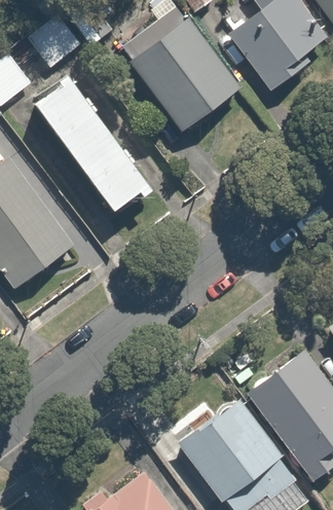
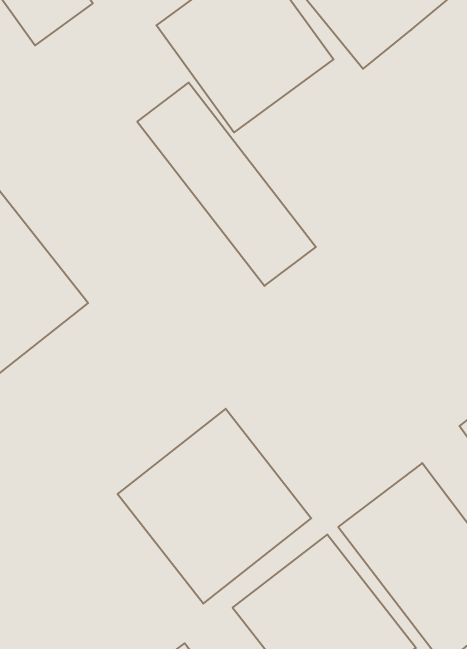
building: [32,75,150,210] -> [137,83,316,286]
building: none -> [118,409,311,604]

